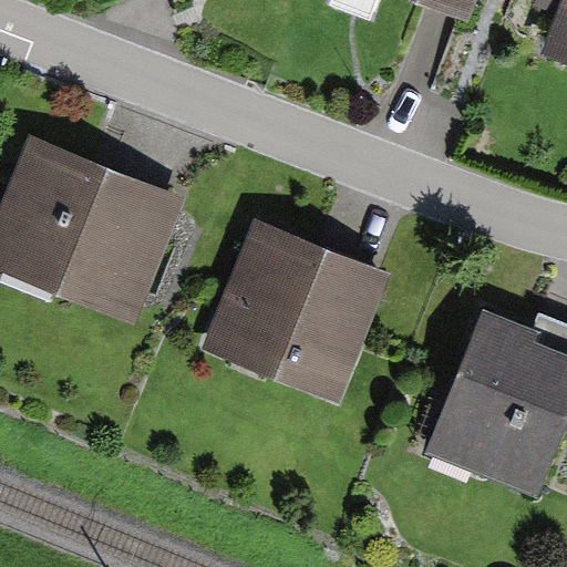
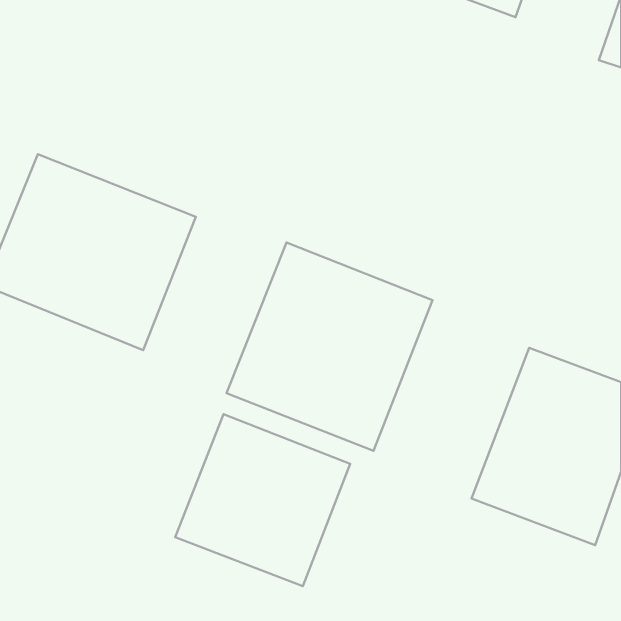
building: none -> [175,414,350,586]

